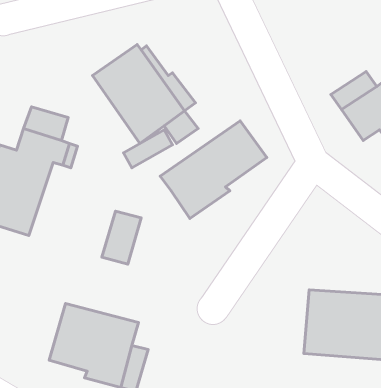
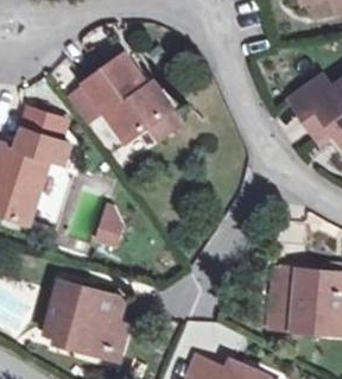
building: [160,121,267,218] -> none

